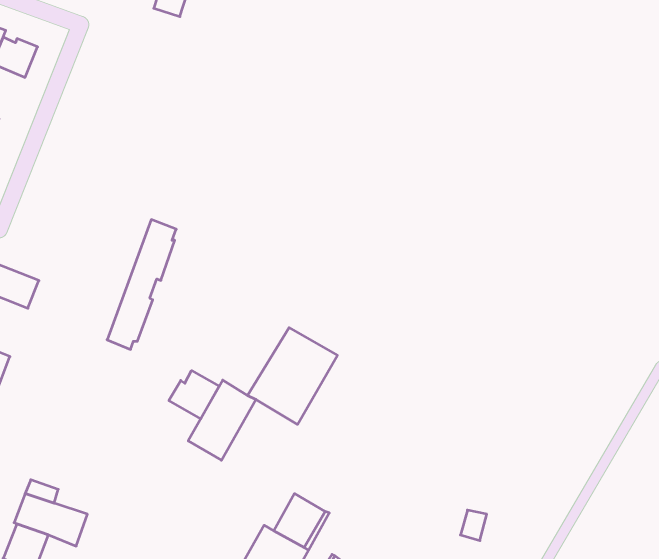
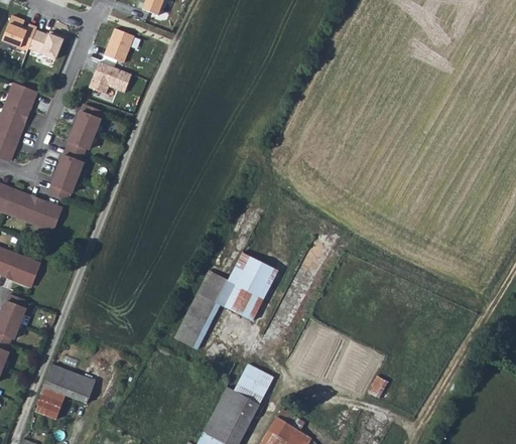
building: none -> [102,29,134,64]
building: none -> [86,65,129,98]
building: [107,220,176,349] -> [47,106,98,200]
building: [169,371,219,419] -> none

